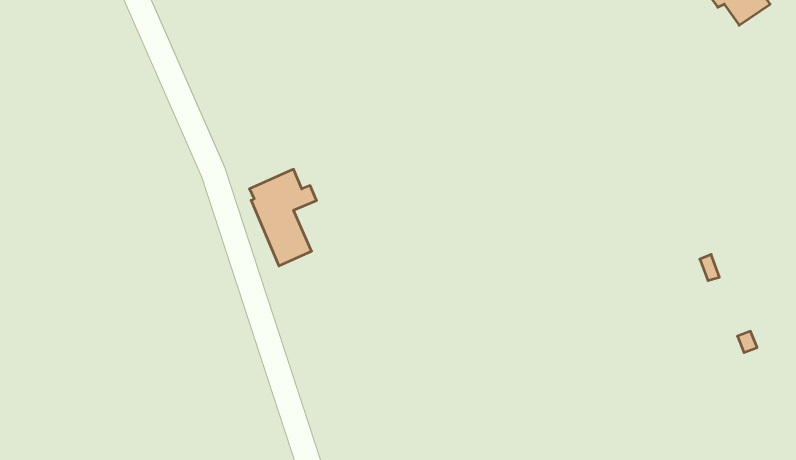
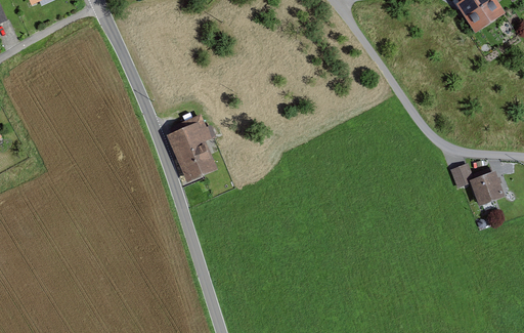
building: none -> [471,168,500,203]

